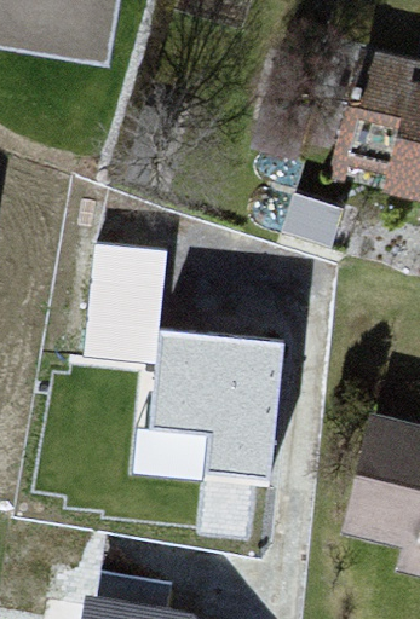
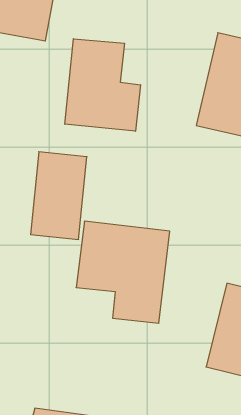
building: none -> [65,39,140,131]

